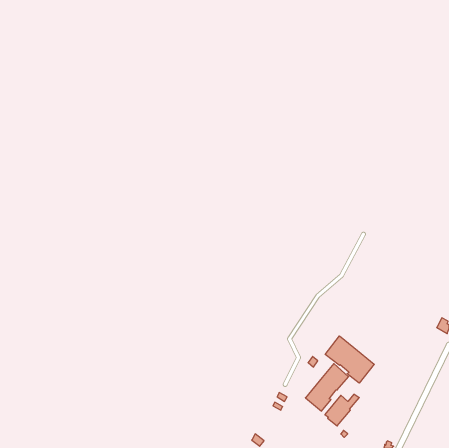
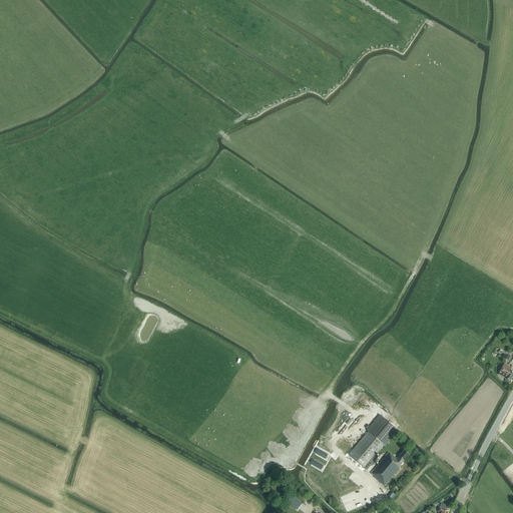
building: [325,336,374,383] -> none

